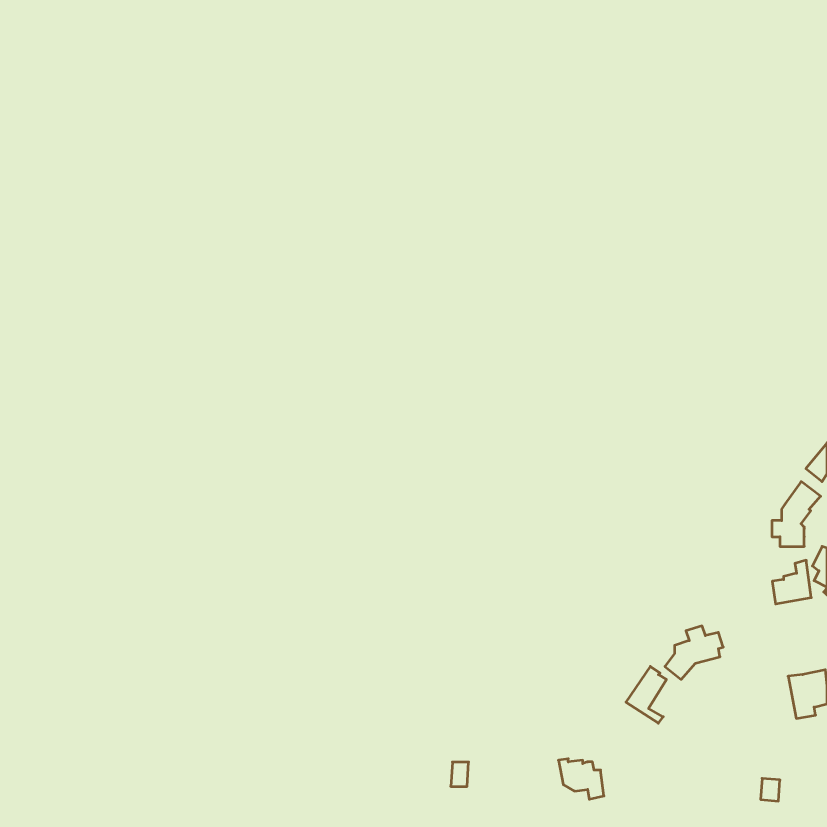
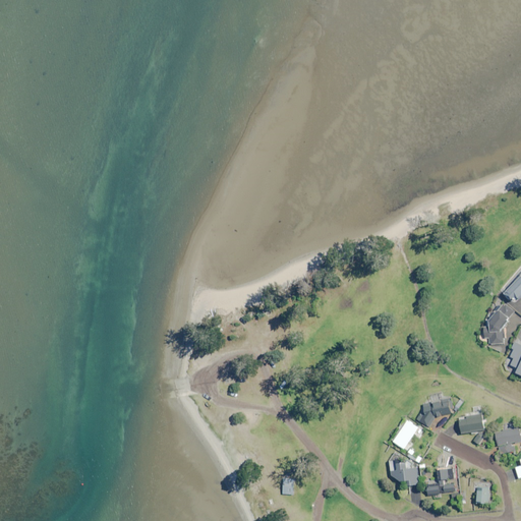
building: [772,560,811,604] -> [460,406,484,433]
building: none -> [426,468,455,495]
building: [558,759,604,799] -> [391,460,419,485]

